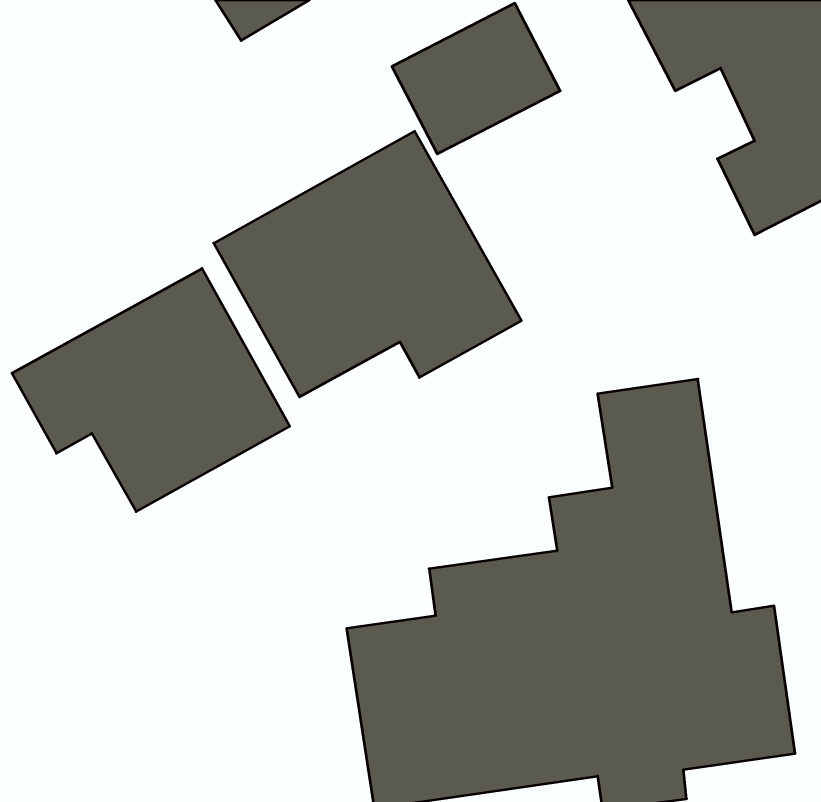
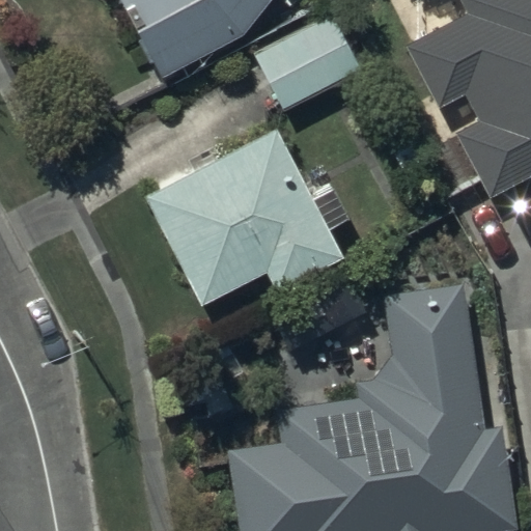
building: [12,268,290,512] -> none

